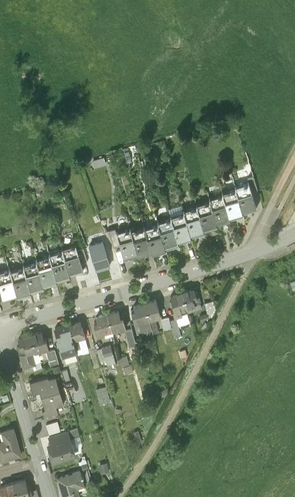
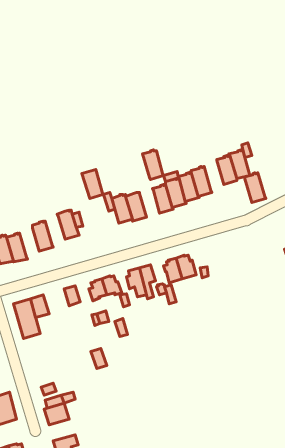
building: [209,197,230,227] -> [245,173,266,203]
building: [144,226,165,256] -> [143,150,163,180]
building: [88,243,109,272] -> [82,170,103,198]
building: [49,253,69,282] -> none
building: [23,265,43,294] -> none
building: [54,326,76,359] -> none
building: [29,379,63,420] -> none

